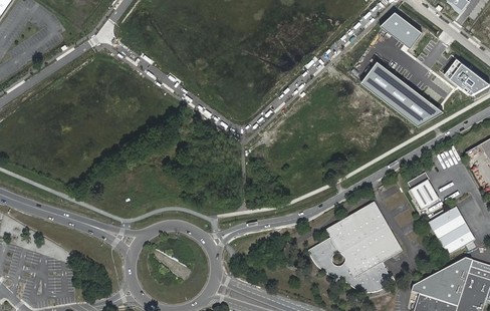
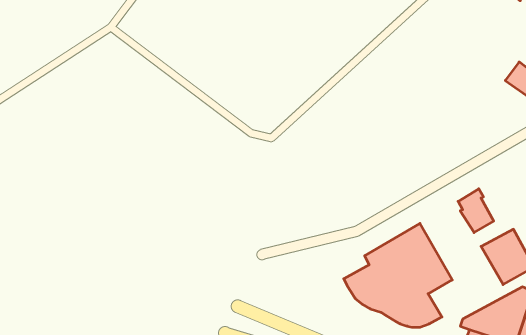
building: [380,12,420,47] -> none
building: [362,61,444,126] -> none

